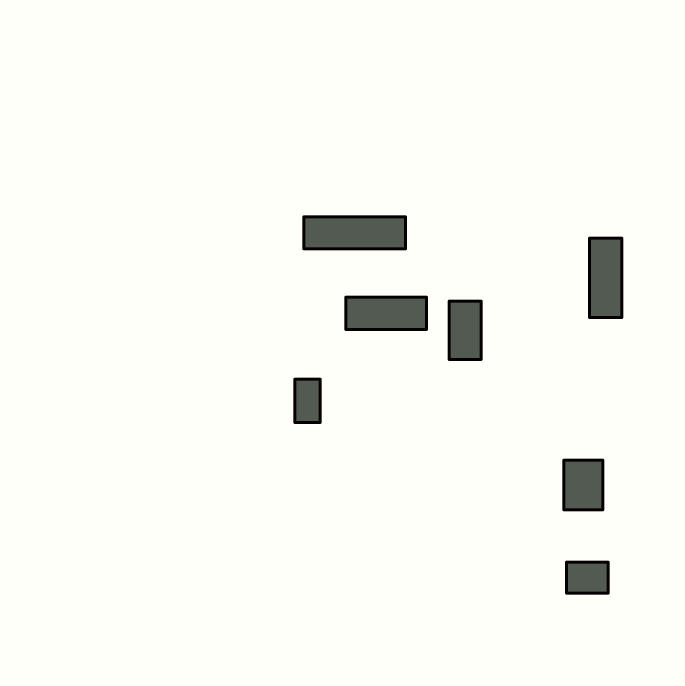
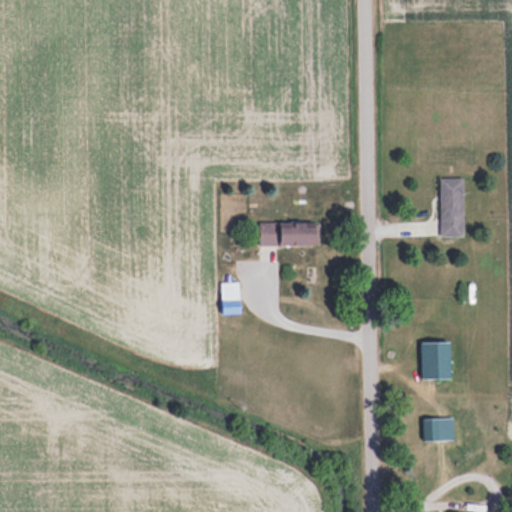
building: [304,217,405,249] -> none
building: [449,301,481,359] -> none

